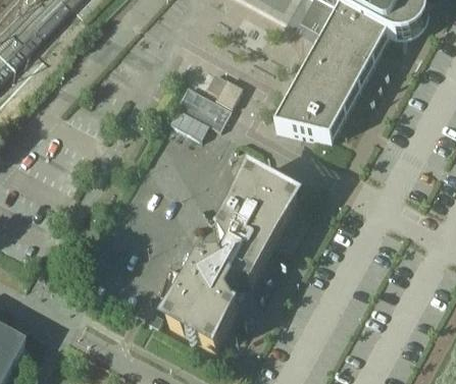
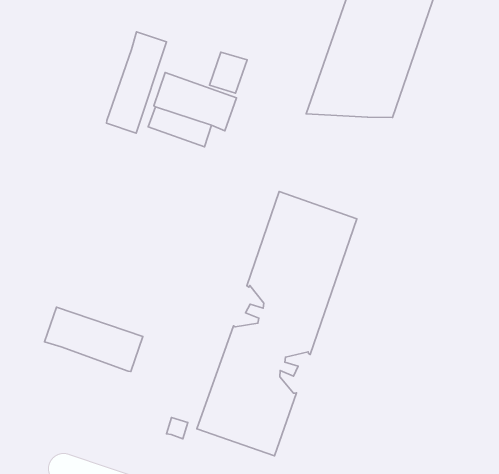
building: none -> [106,32,167,133]
building: none -> [44,307,143,371]

